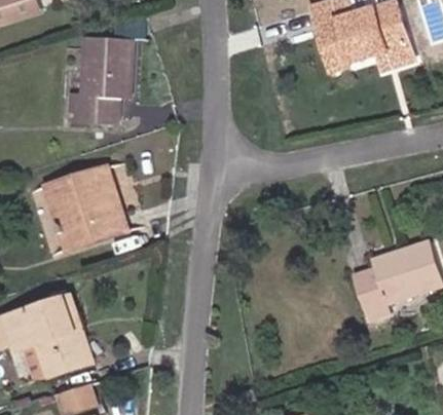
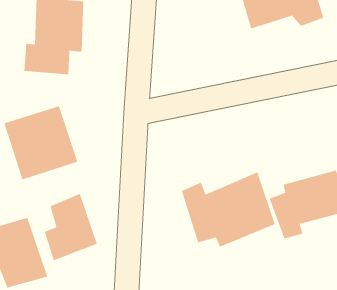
building: none -> [181,171,275,248]
building: none -> [44,193,98,261]

